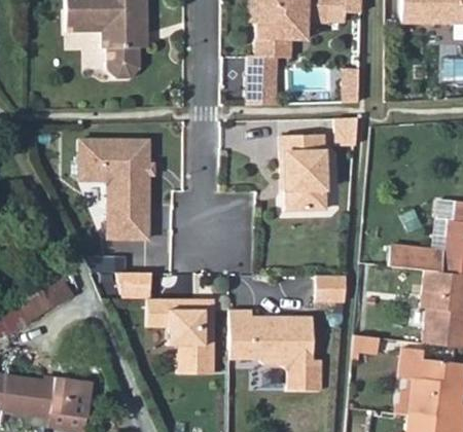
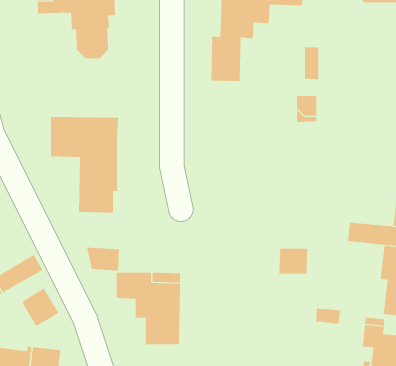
building: [280,135,325,211] -> none
building: [227,309,320,388] -> none
building: none -> [21,288,59,327]

